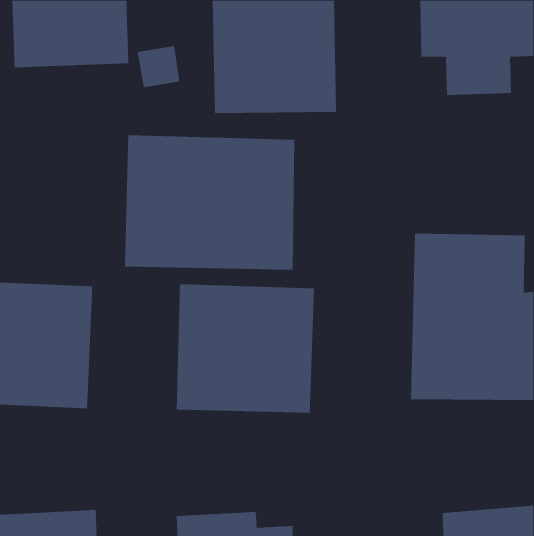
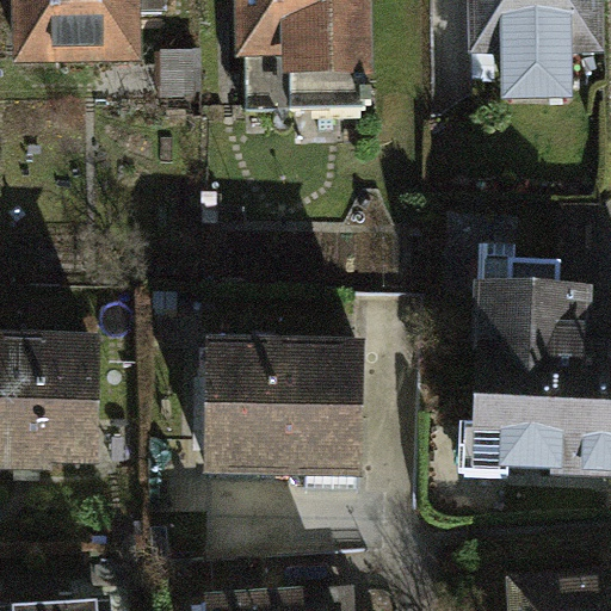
building: [124,135,295,270] -> none

